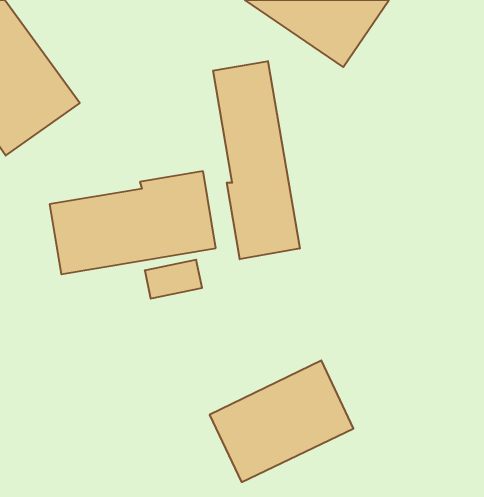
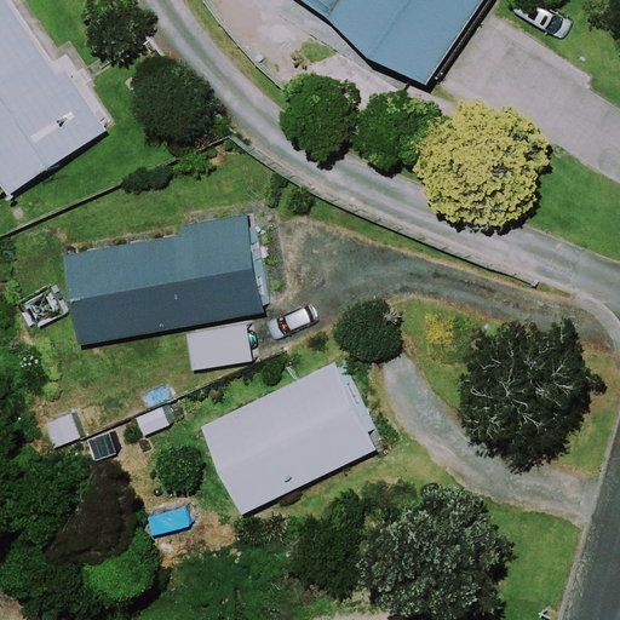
building: [213,61,300,259] -> none
building: [210,360,353,482] -> [199,361,378,512]

